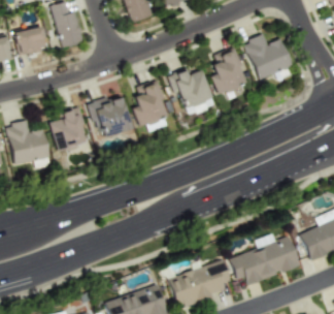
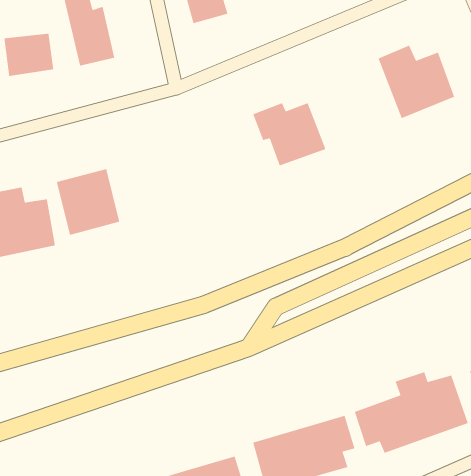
building: [210,48,248,94] -> none
building: [133,81,170,132] -> none
building: [89,94,131,138] -> none

